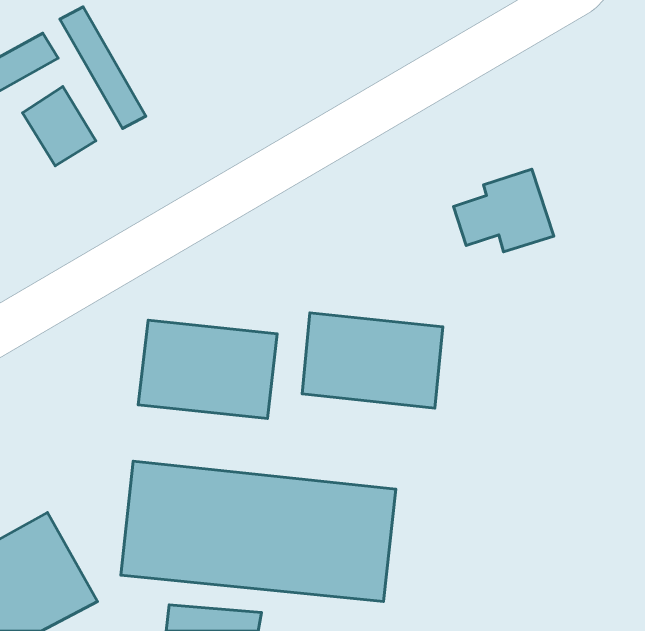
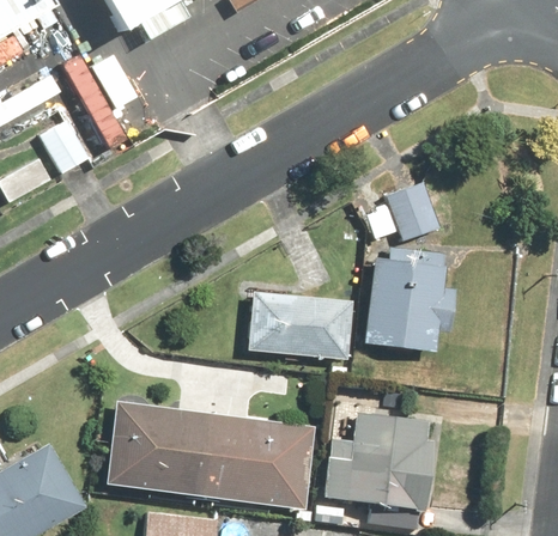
building: none -> [360,248,459,351]
building: [138,320,277,419] -> none
building: none -> [320,412,438,512]

